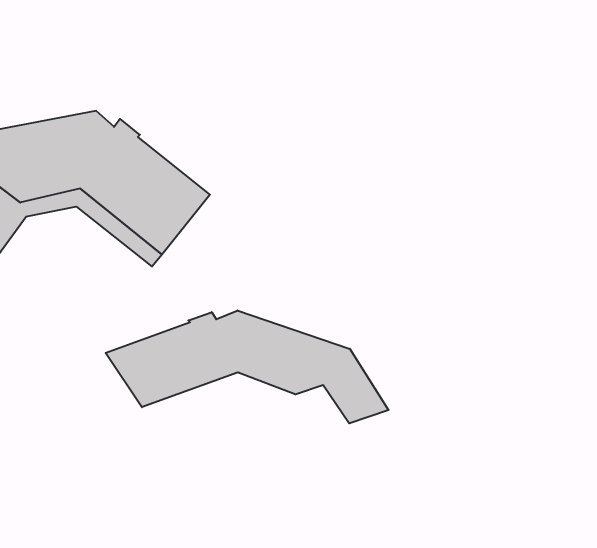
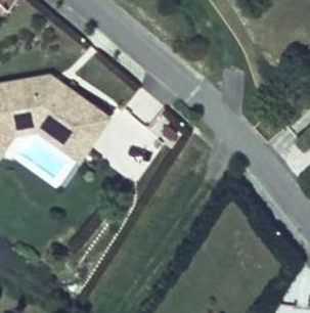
building: [106,310,389,423] -> none

